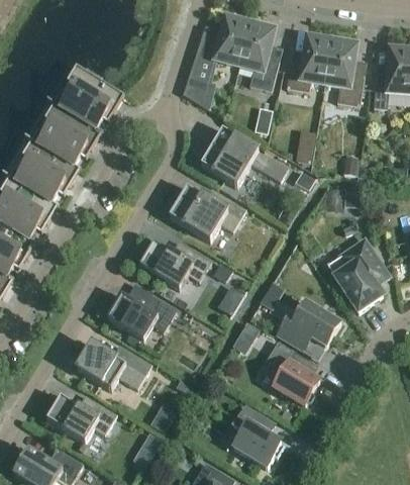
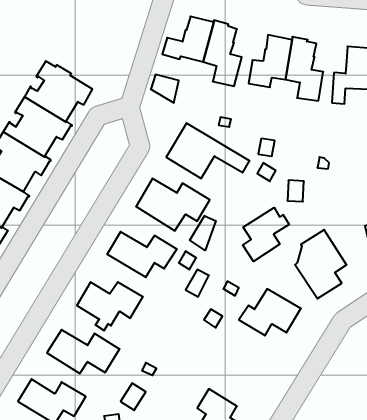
building: none -> [243,208,289,261]
building: none -> [190,216,216,250]
building: [266,341,319,405] -> none

